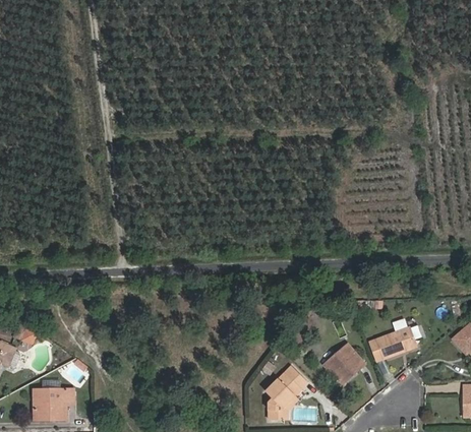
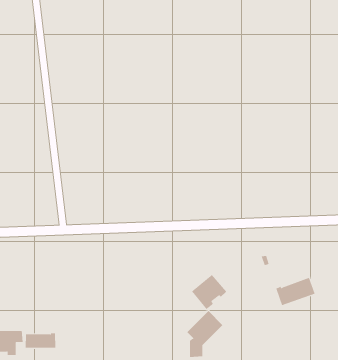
building: [322,344,364,385] -> [191,274,227,310]
building: none -> [25,333,56,348]

